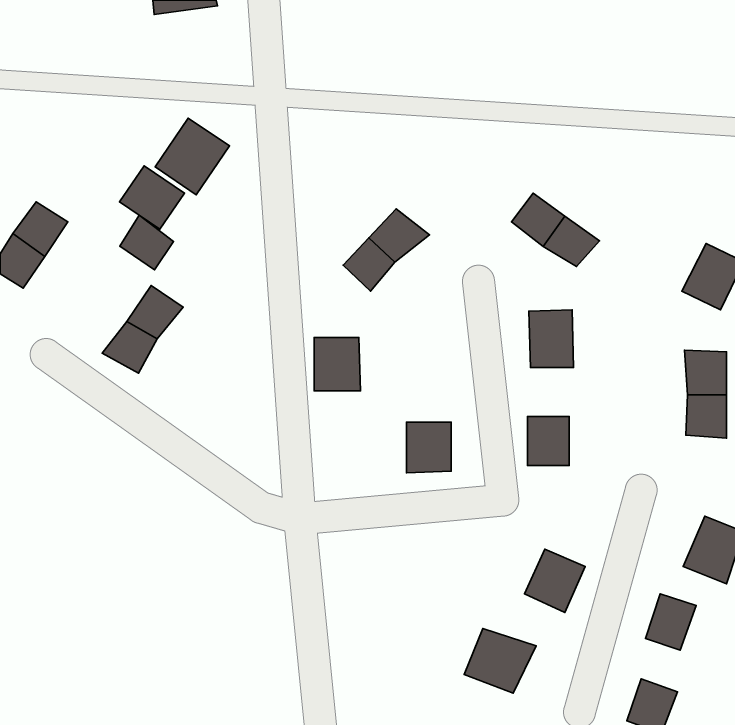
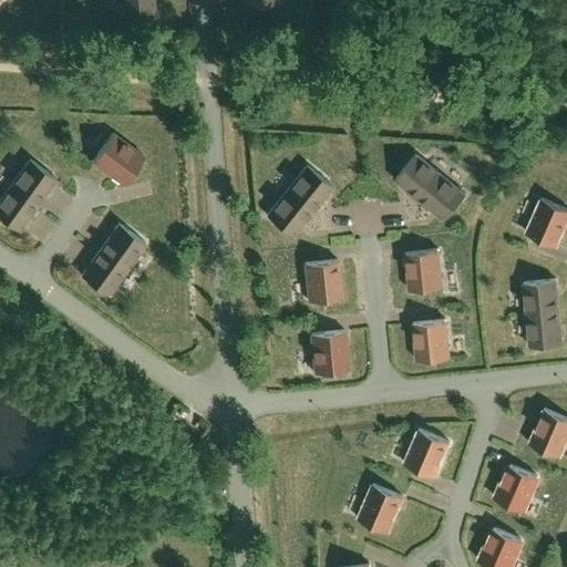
building: [155,118,229,195] -> none
building: [120,215,174,270] -> none
building: [314,338,360,391] -> [306,261,341,302]

